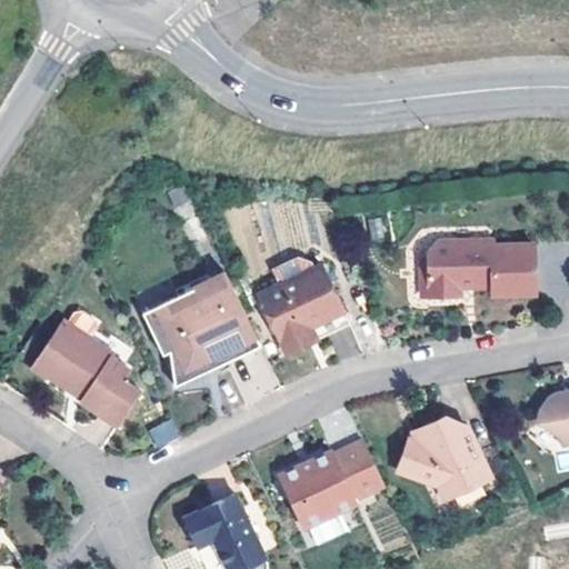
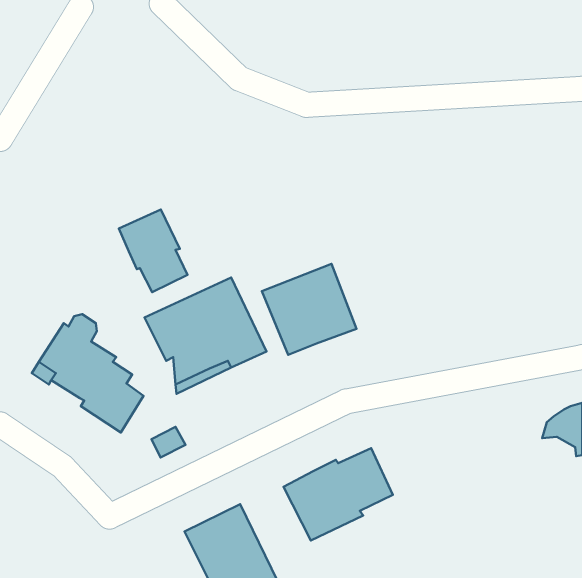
building: none -> [119,210,187,292]
building: [430,238,539,297] -> none
building: [391,419,486,495] -> none

